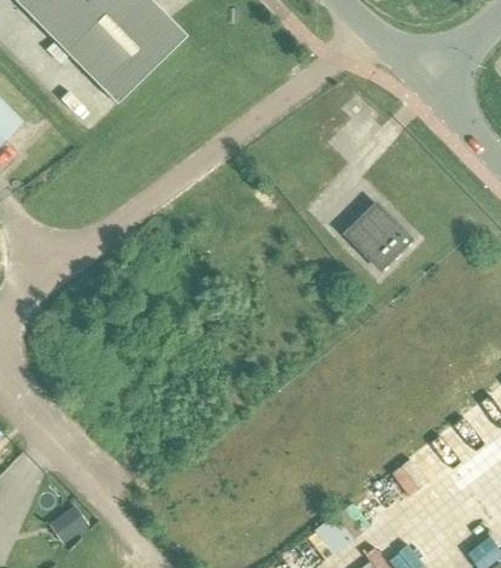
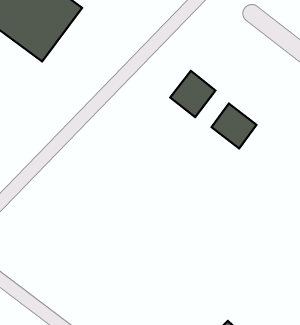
building: none -> [170,71,216,117]

